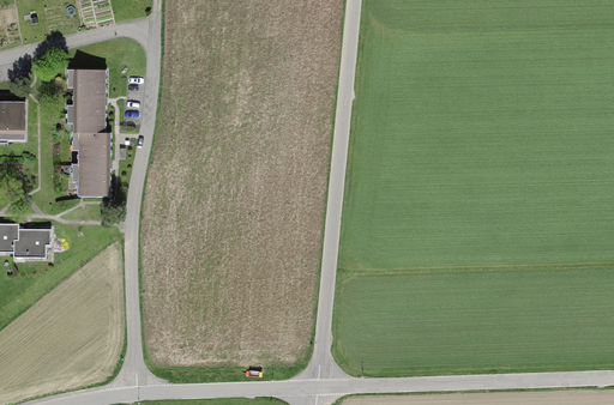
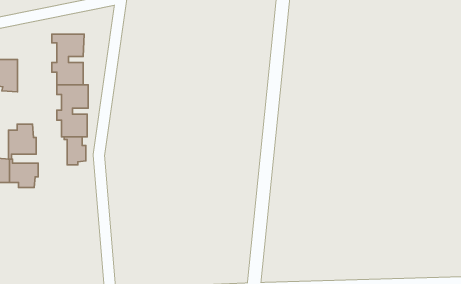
building: none -> [9,124,36,159]
building: none -> [64,137,86,165]

